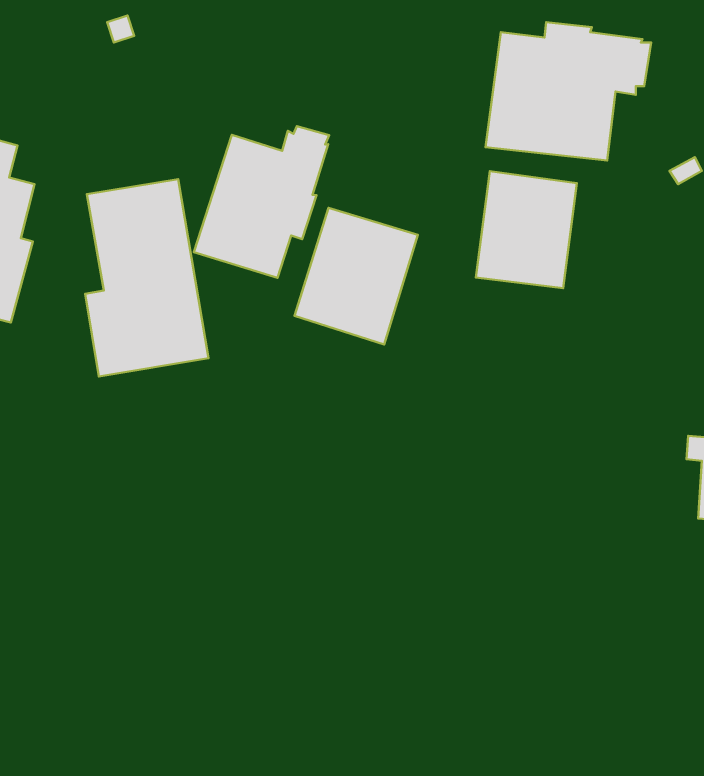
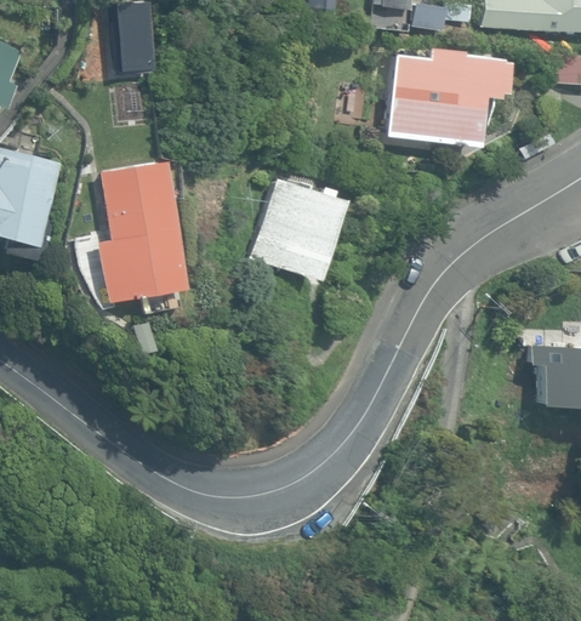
building: [194,126,329,278] -> none
building: [476,171,577,288] -> none

